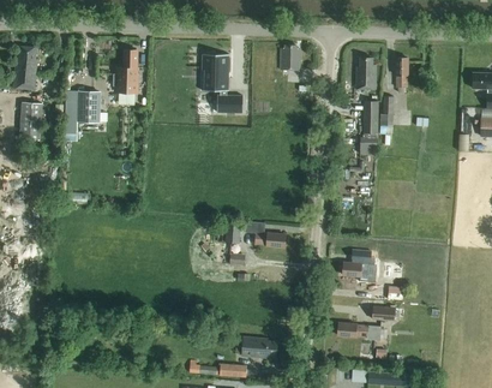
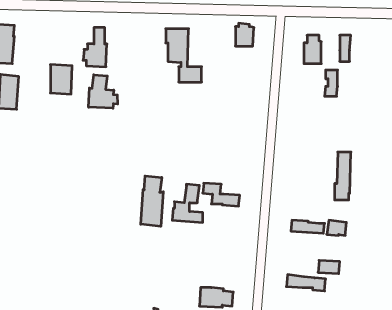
building: [360,101,378,154] -> [335,152,351,200]
building: none -> [89,75,118,108]
building: none -> [141,176,163,226]

